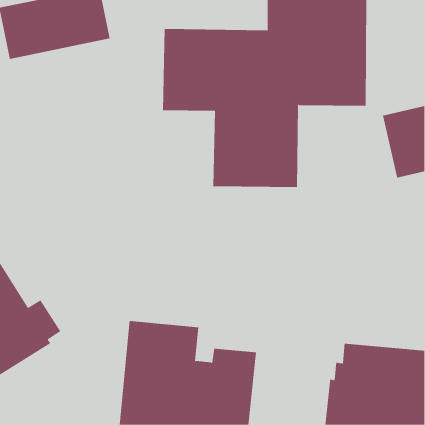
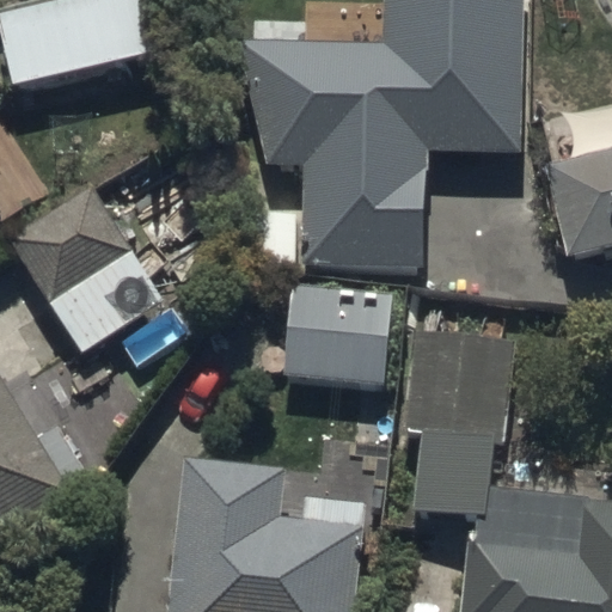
building: none -> [10,189,164,357]
building: none -> [280,283,394,387]
building: none -> [404,332,515,519]

